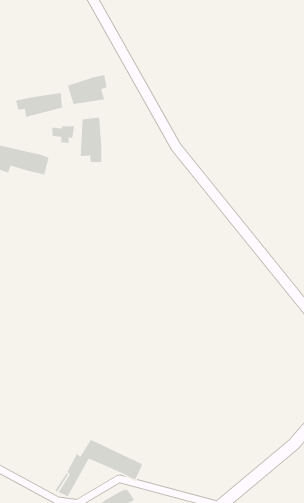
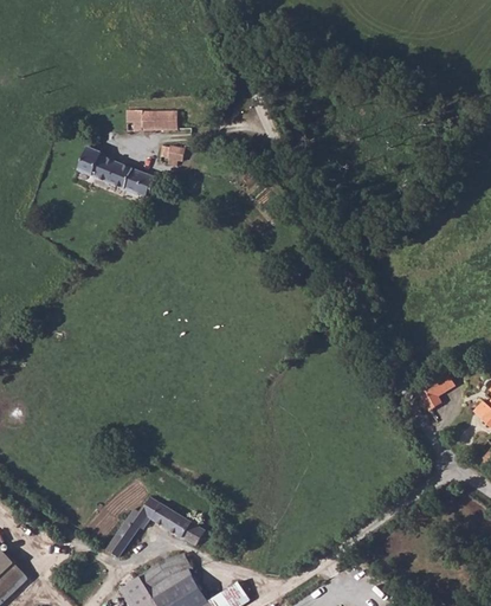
building: [67,74,107,105] -> none
building: [80,117,102,163] -> none

